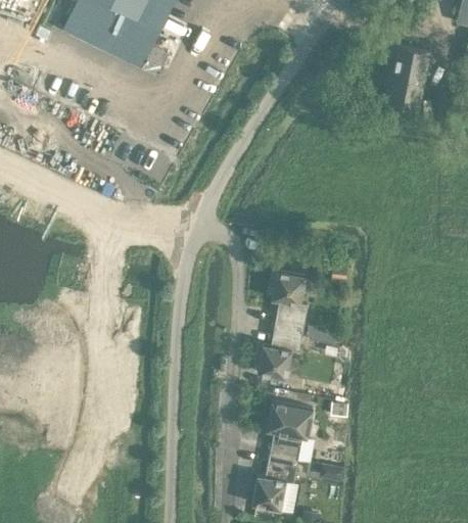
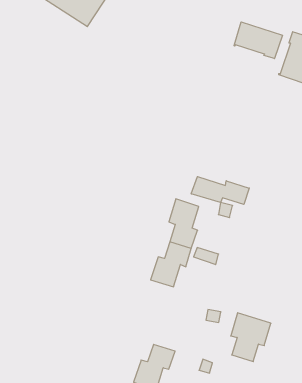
building: none -> [234,22,282,59]
building: none -> [191,177,249,204]
building: [267,398,315,457] -> [231,313,271,362]

